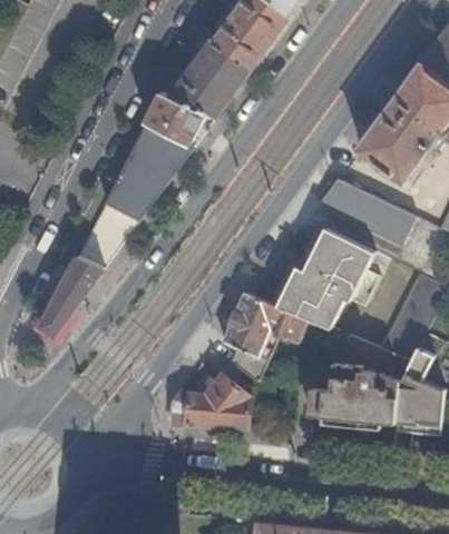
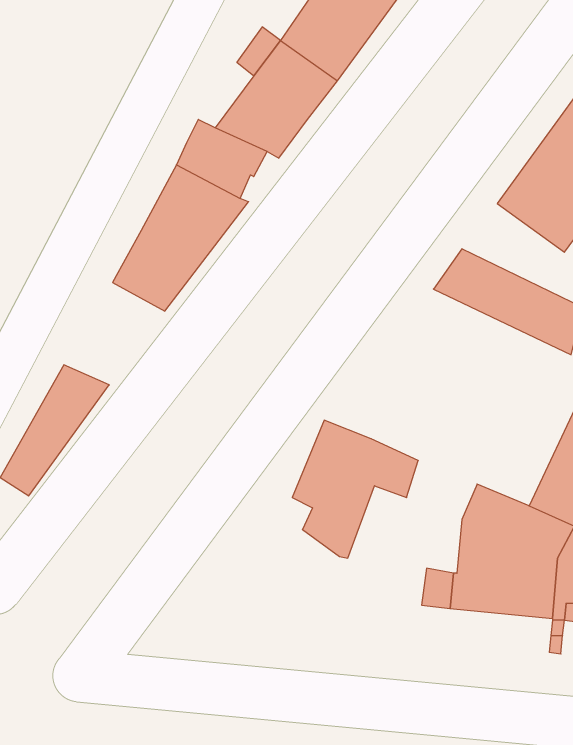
building: [72,200,139,268] -> none
building: [276,228,377,327] -> none
building: [166,374,252,431] -> none

